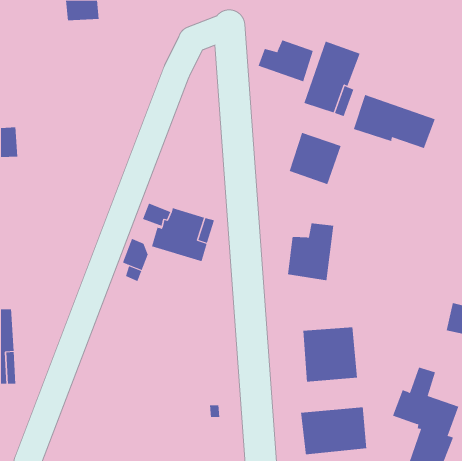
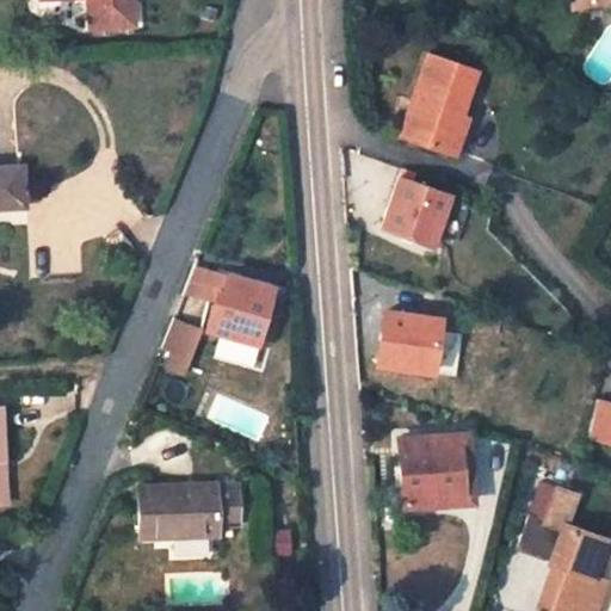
building: [258,39,313,82] -> none
building: [353,94,435,149] -> none
building: none -> [140,486,239,537]
building: [301,407,367,455] -> none

